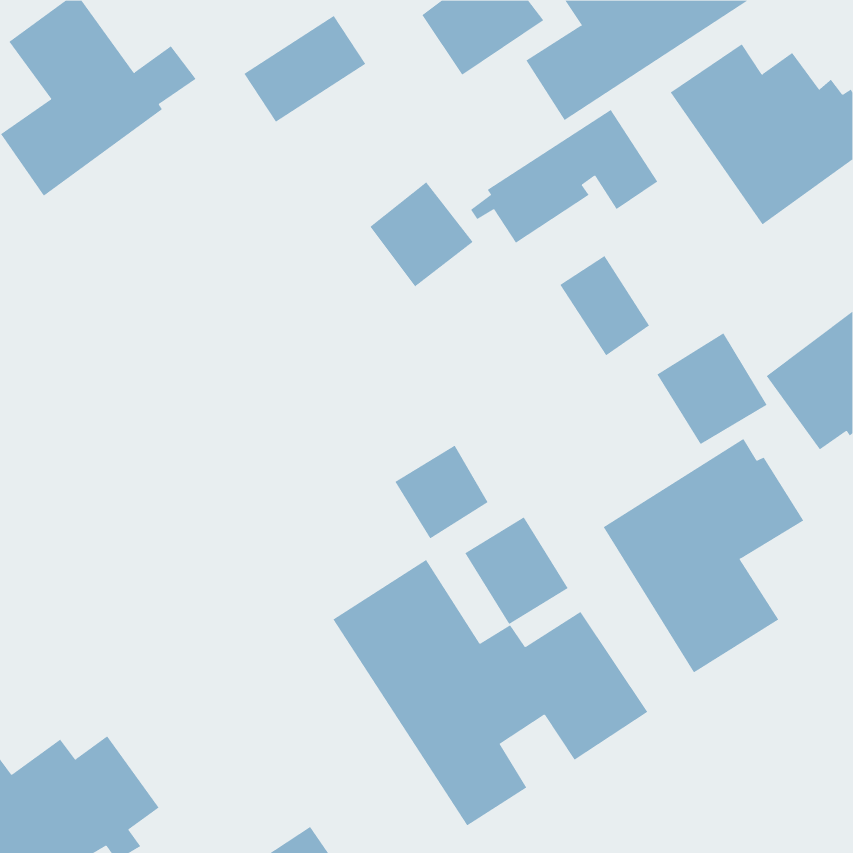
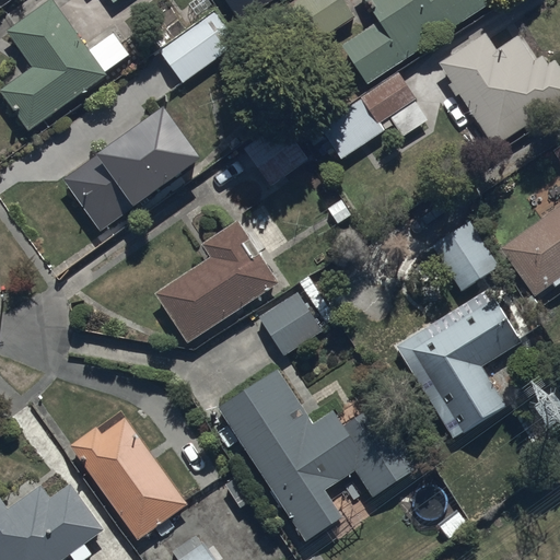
building: none -> [65,101,205,231]
building: [559,255,650,356] -> none
building: none -> [153,219,279,345]
building: [465,516,568,625] -> none
building: none -> [69,417,188,540]

